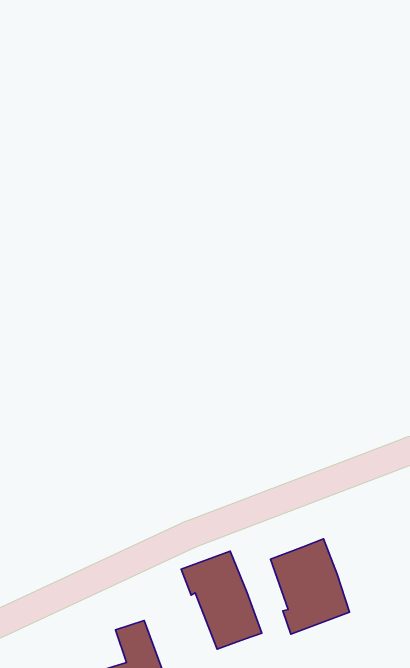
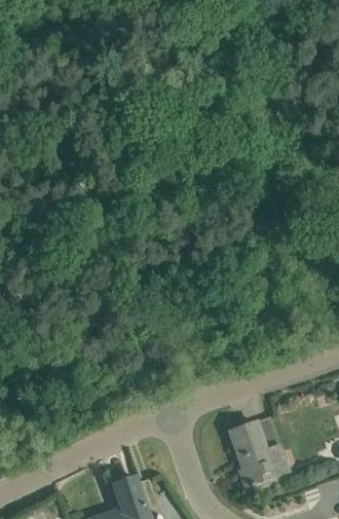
building: [181,551,262,649] -> none

